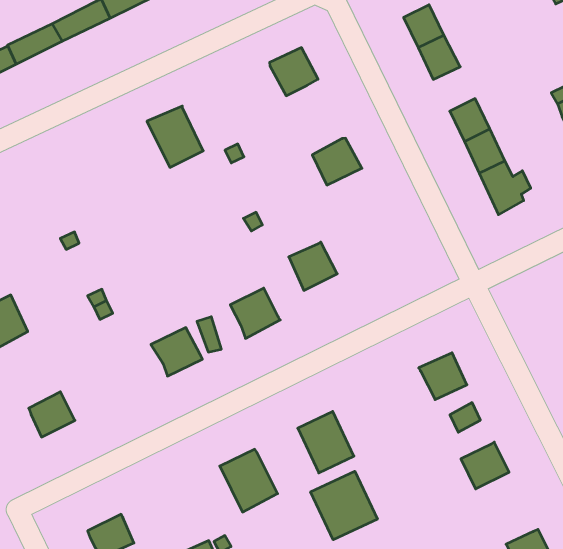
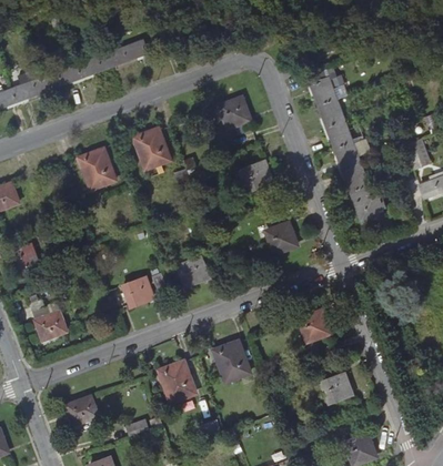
building: none -> [326,120,353,149]
building: none -> [79,148,114,188]
building: [289,242,337,290] -> [265,222,296,253]
building: [311,471,377,540] -> none

